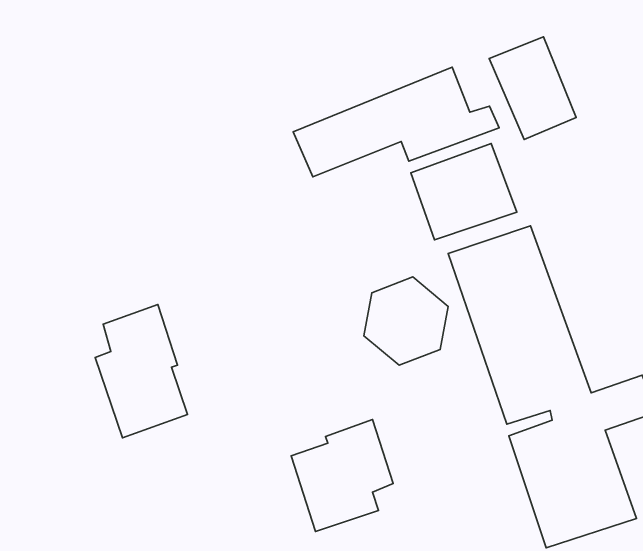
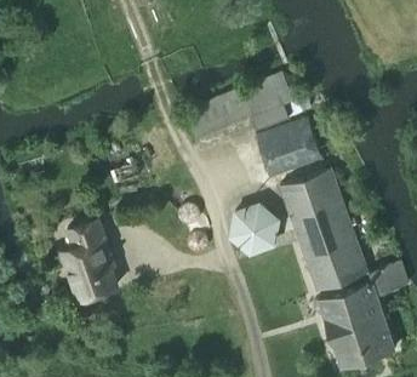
building: [489,37,576,139] -> none
building: [291,419,393,532] -> none

